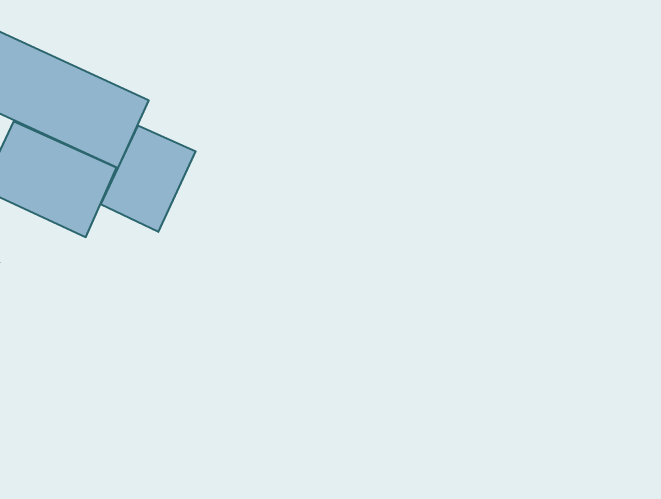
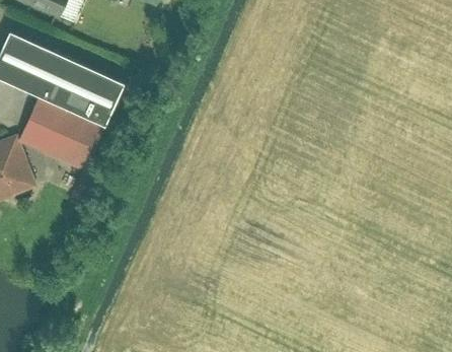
building: [101,125,196,232] -> none

